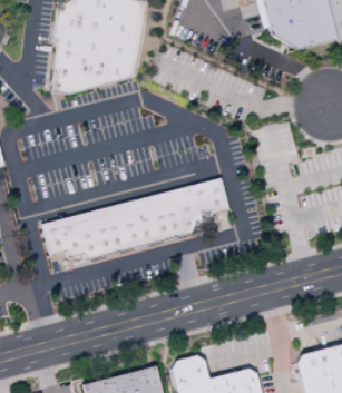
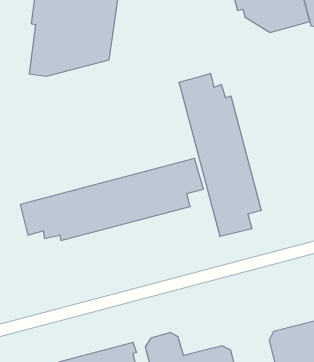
building: none -> [179,73,261,237]

